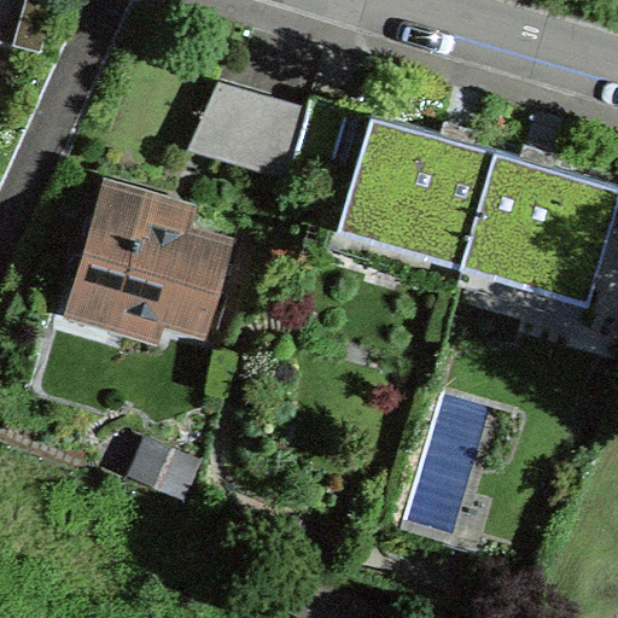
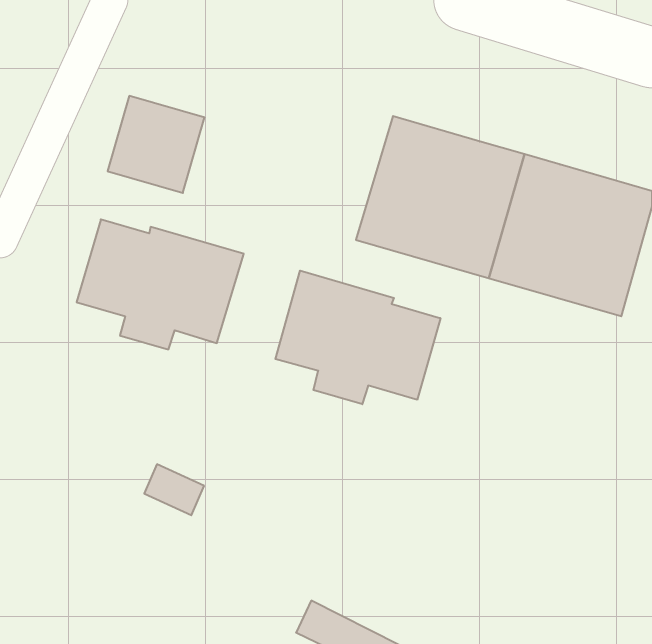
building: [216,91,308,182] -> [108,96,205,193]
building: none -> [275,271,440,404]

